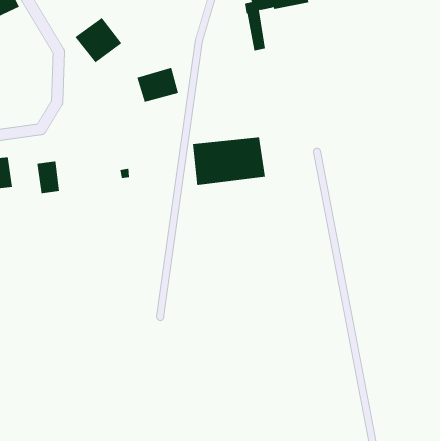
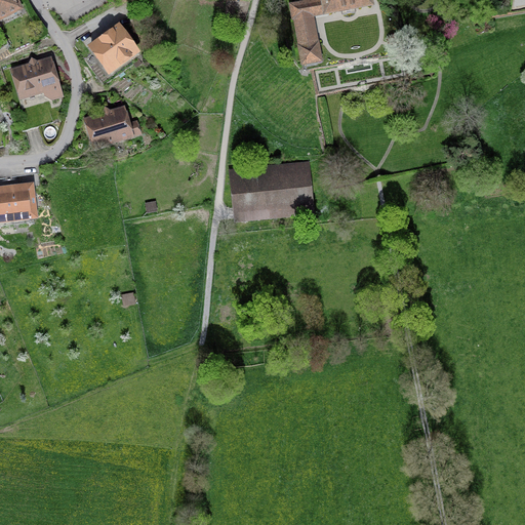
building: none -> [11,57,63,100]
building: [136,67,179,103] -> [84,107,134,149]
building: [36,161,60,194] -> [10,183,38,221]

